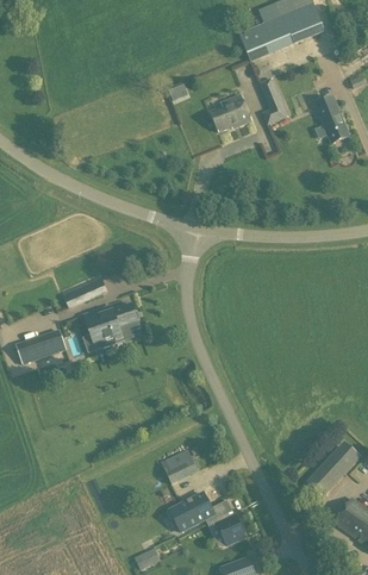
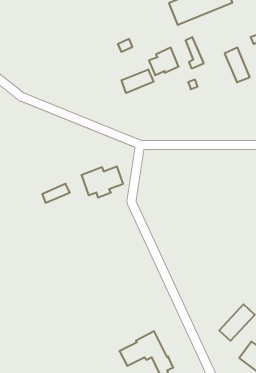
building: none -> [122,69,154,93]
building: [83,304,141,346] -> [81,166,123,198]
building: [24,329,66,357] -> none
building: [161,449,199,485] -> none

